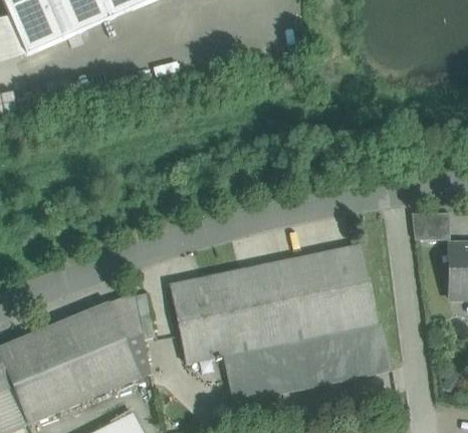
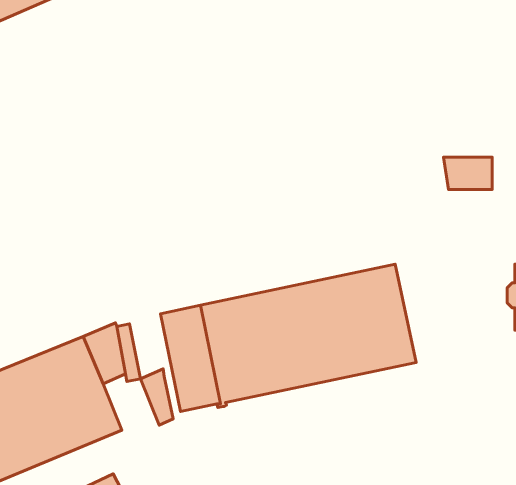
building: [411,213,450,239] -> [444,157,492,190]
building: [223,323,392,402] -> none
building: [125,333,151,378] -> [141,369,173,425]

